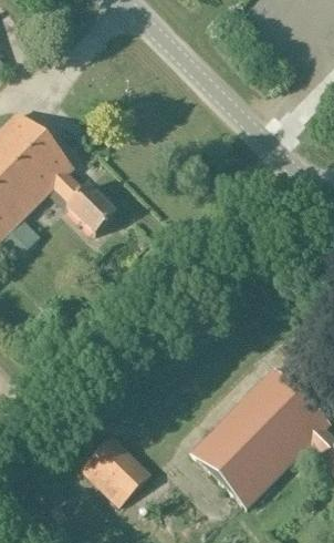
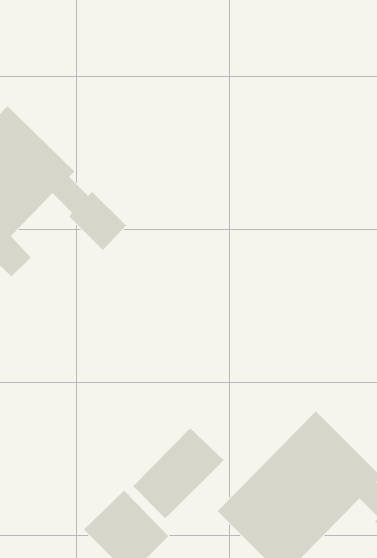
building: none -> [132,428,224,519]

